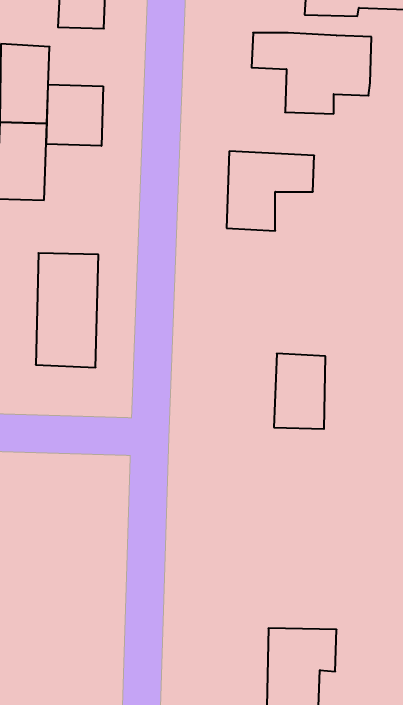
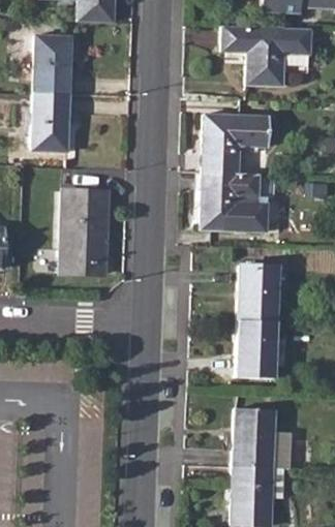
building: [46,84,103,146] -> none
building: none -> [202,171,268,230]
building: none -> [237,318,275,377]
building: none -> [234,409,292,469]

